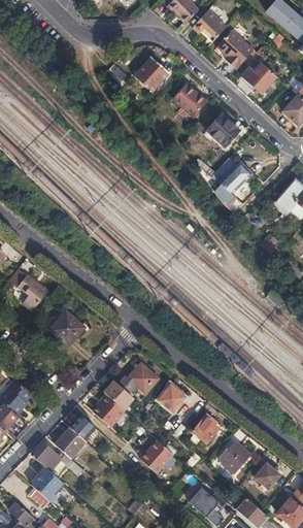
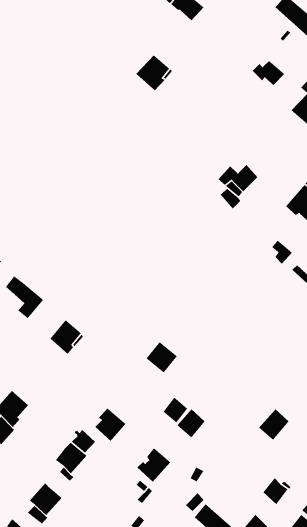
building: [193,9,227,42] -> none
building: [216,31,260,69] -> none
building: [174,85,206,116] -> none
building: [207,114,239,145] -> none
building: [127,362,158,393] -> [146,341,178,374]
building: [103,381,133,409] -> none
building: [192,414,217,442] -> none
building: [220,440,249,471] -> [258,408,289,441]
building: [31,441,57,470] -> none

